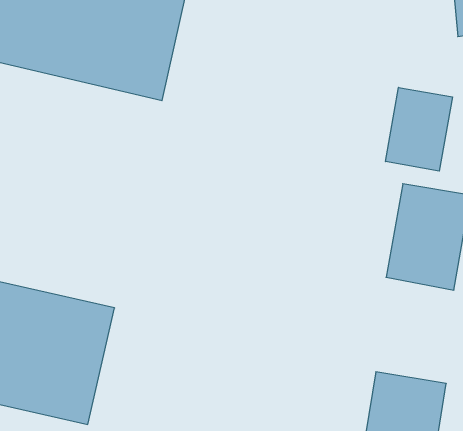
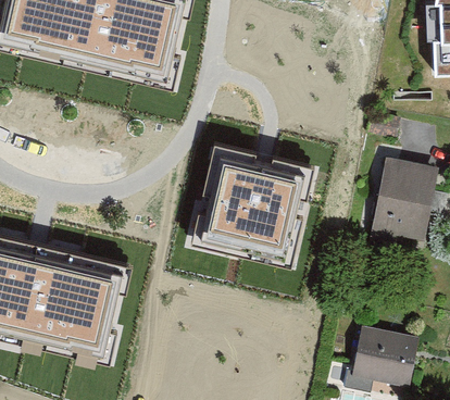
building: [386,87,452,171] -> none
building: none -> [192,145,314,266]

